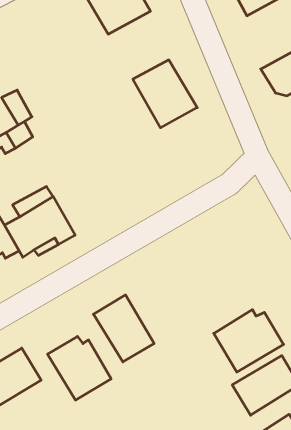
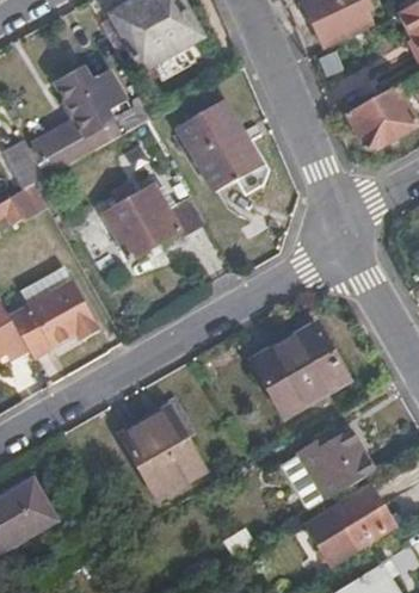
building: none -> [36,68,127,171]
building: none -> [101,184,205,258]
building: none -> [251,323,349,419]
building: [48,336,111,400] -> none

